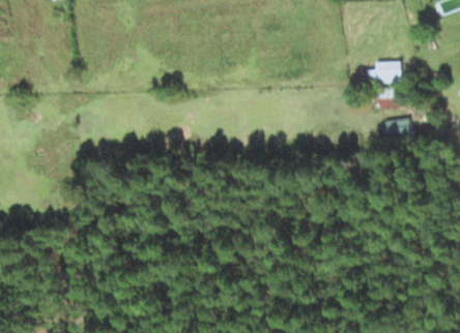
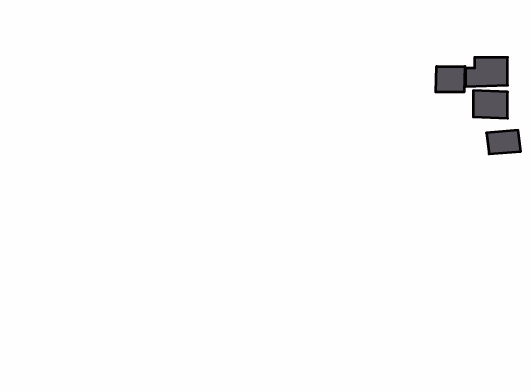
building: none -> [436,66,465,92]

